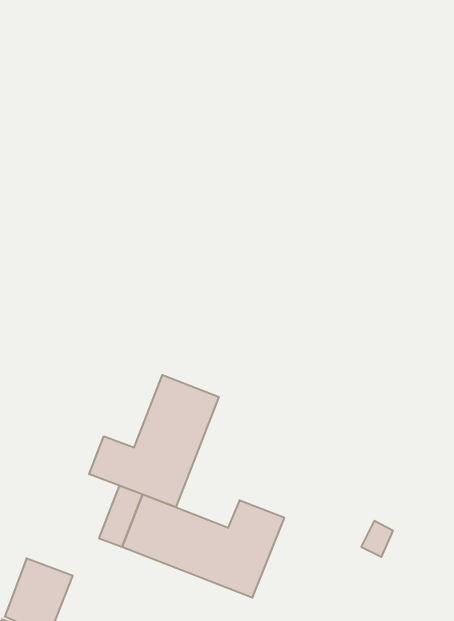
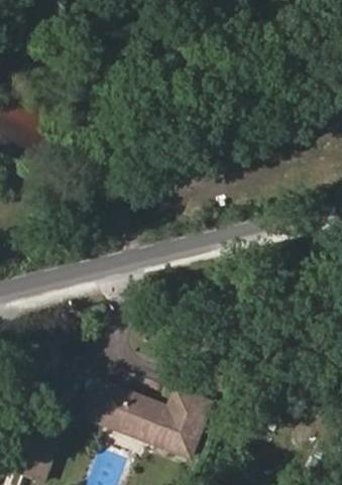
building: [89,375,219,507] -> none

